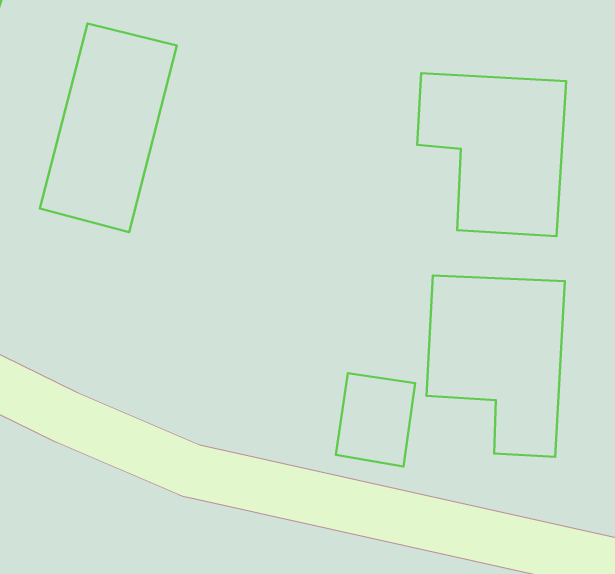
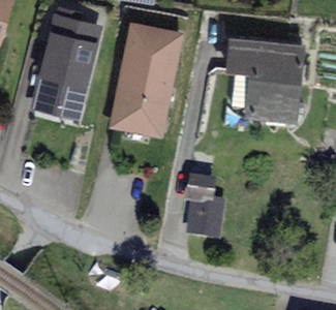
building: none -> [117,36,176,128]
building: [426,275,565,457] -> none

